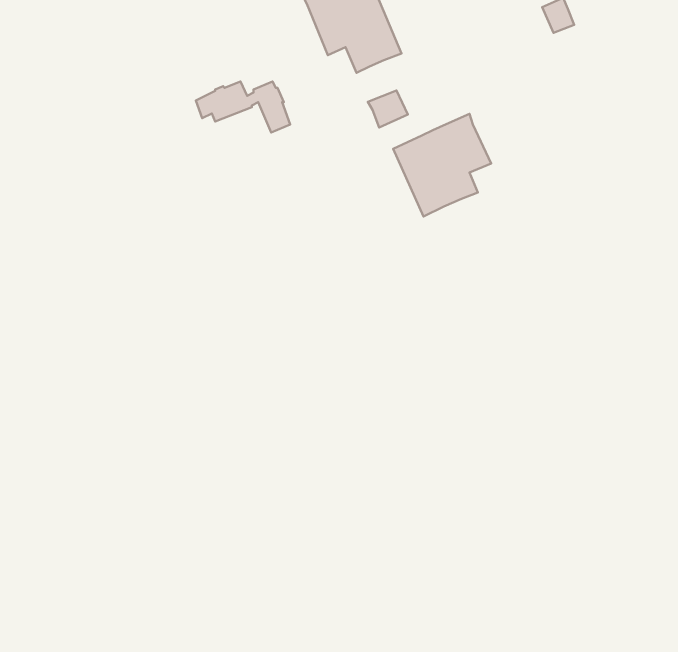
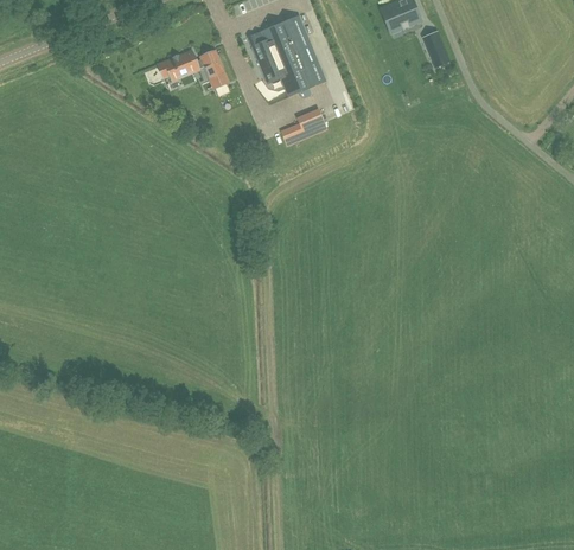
building: [196,81,290,133] -> [158,50,228,88]
building: [393,114,491,217] -> none

